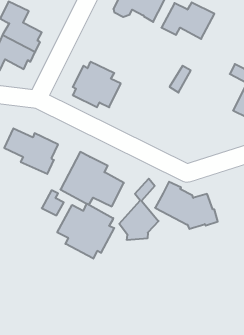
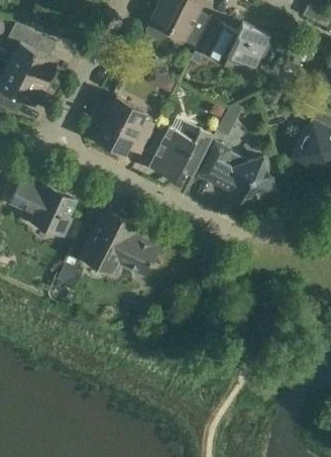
building: none -> [149,126,214,180]
building: [119,179,159,240] -> none
building: [155,182,218,229] -> [199,142,277,201]
building: [57,204,114,259] -> none

